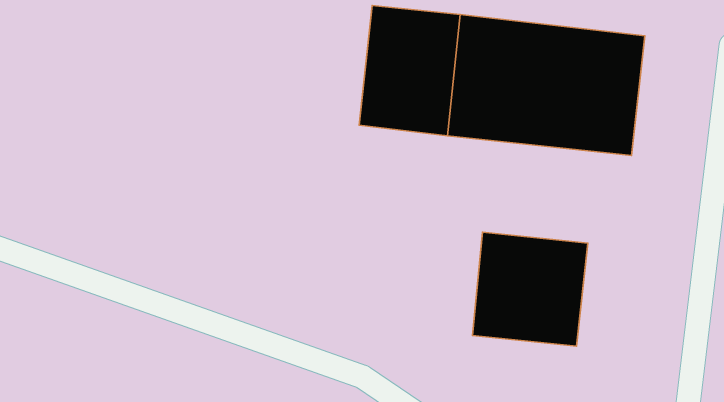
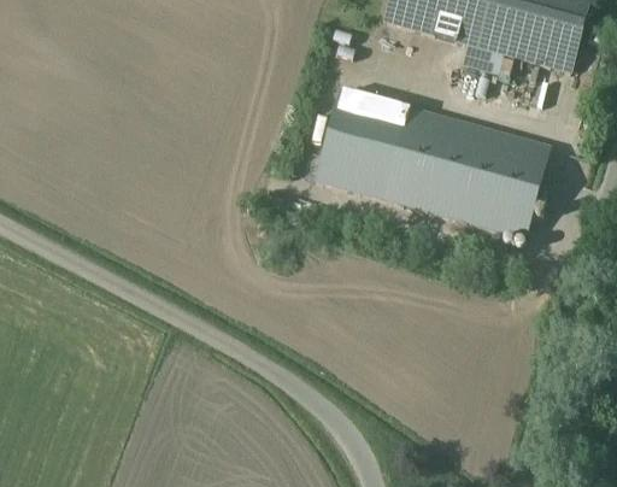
building: [472,232,588,346] -> none

